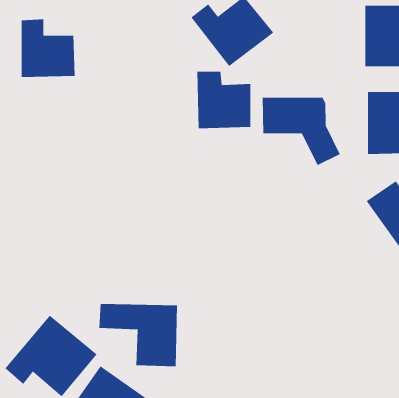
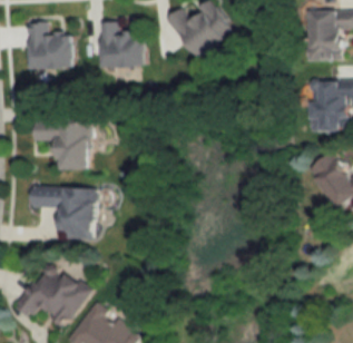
building: [197,71,251,129] -> [99,21,144,68]
building: [262,97,341,166] -> none
building: none -> [32,120,89,170]
building: [98,304,178,367] -> [30,186,95,237]

